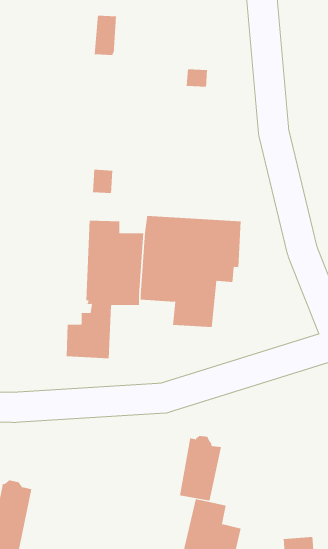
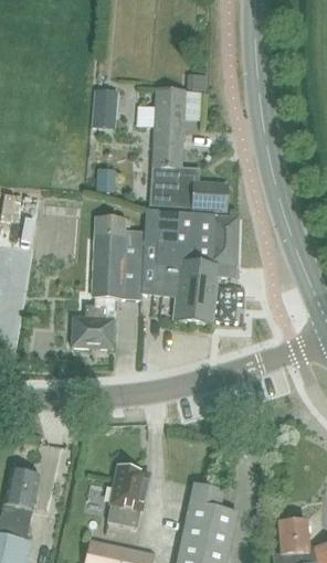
building: [94,15,117,56] -> [94,89,116,128]
building: none -> [138,92,224,209]
building: [179,435,222,501] -> [107,464,148,527]

